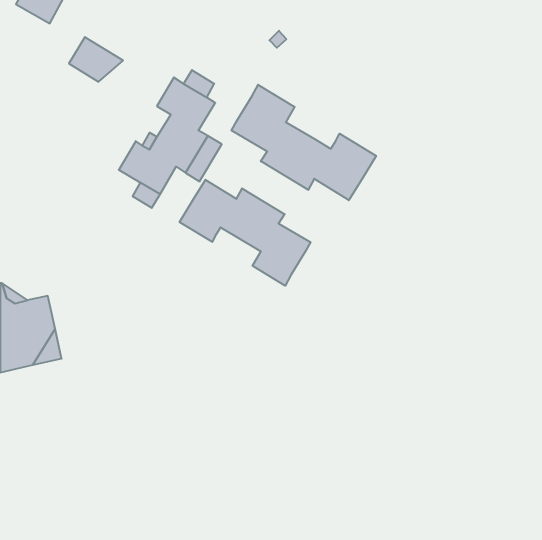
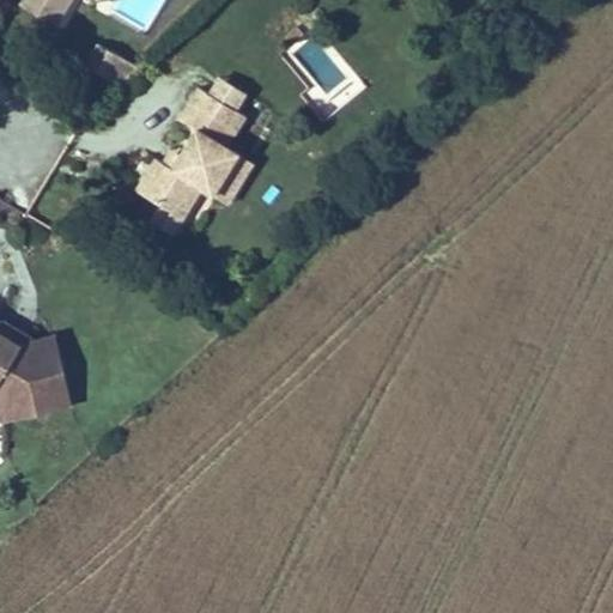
building: [231,85,376,200] -> none
building: [180,180,311,286] -> none

